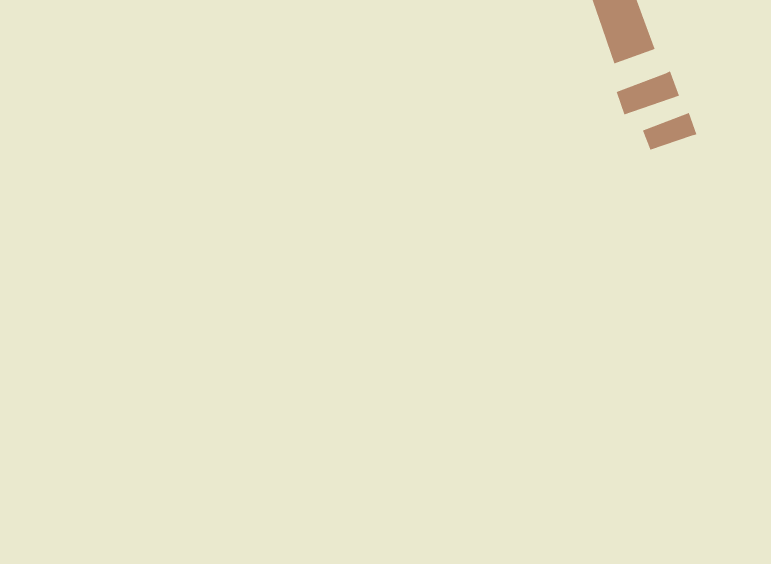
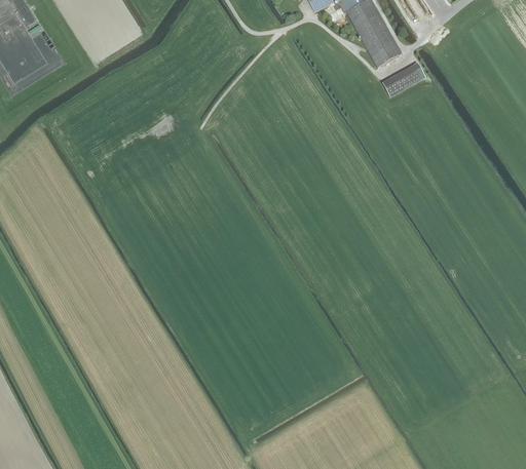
building: [642,112,697,151] -> none

